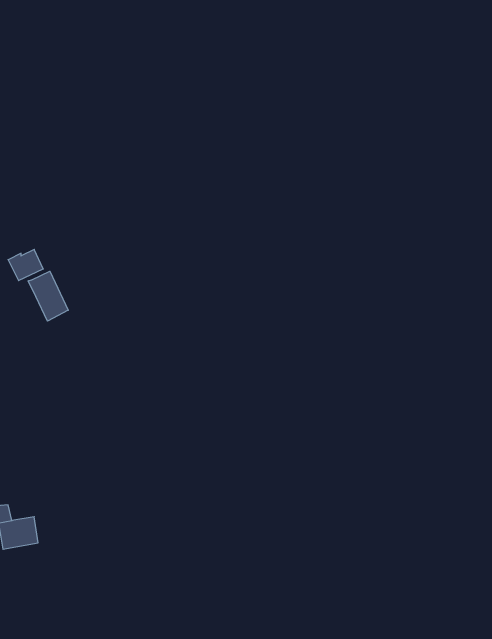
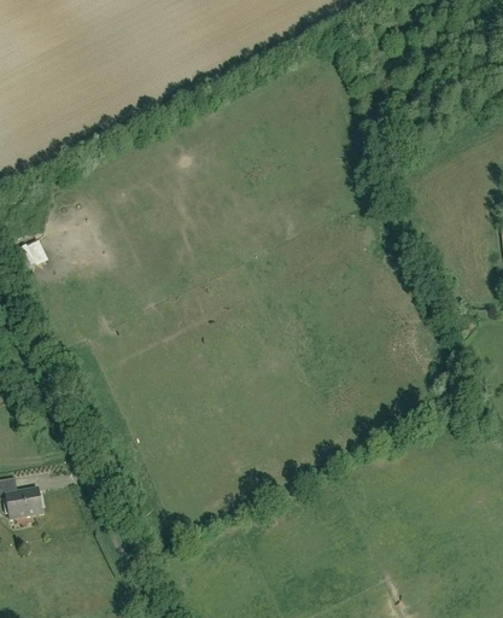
building: [28,271,68,321] -> none

